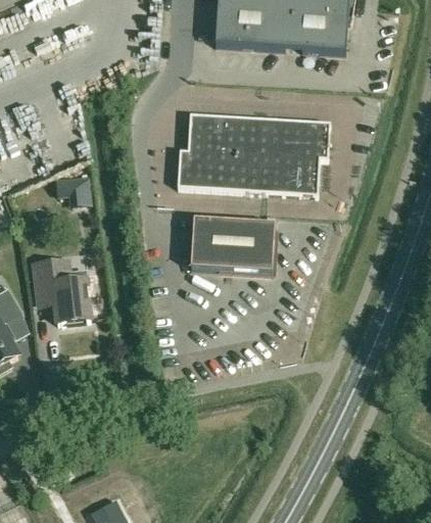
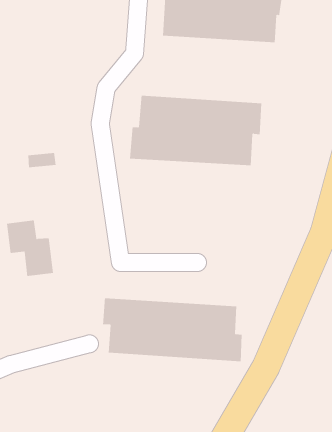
building: [189,219,274,273] -> none
building: none -> [102,297,242,362]

